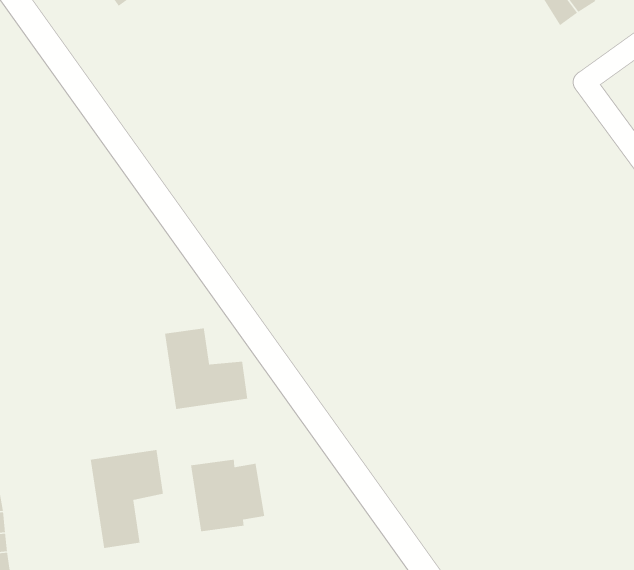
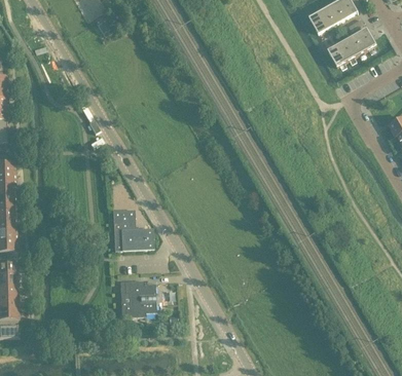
building: [90,449,164,549] -> none

